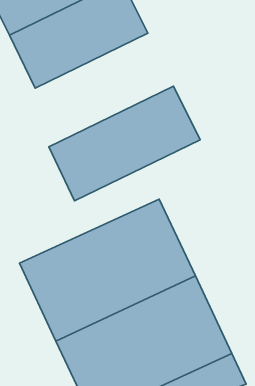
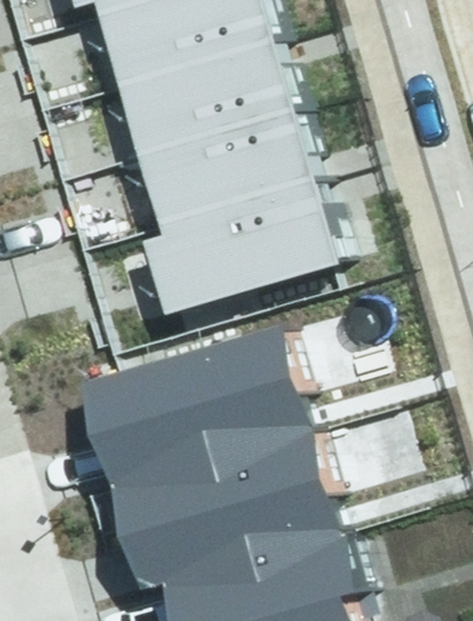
building: none -> [138,107,323,230]

